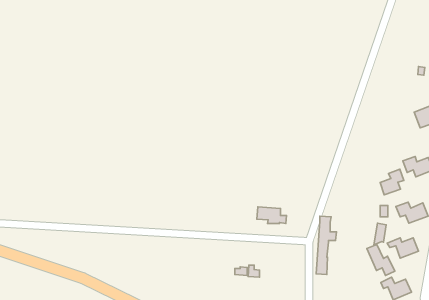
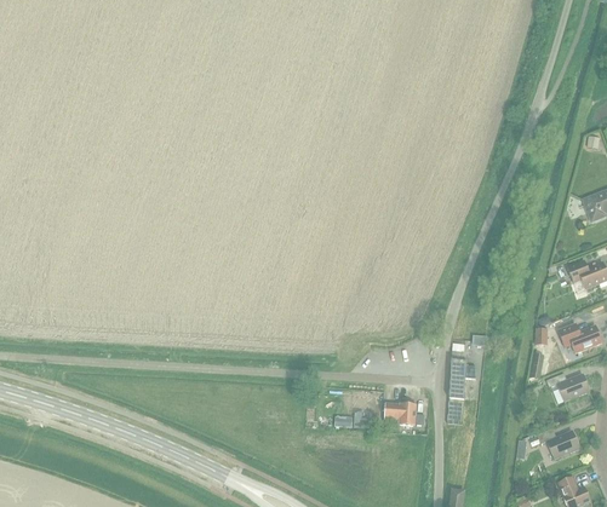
building: [380,169,404,195] -> none
building: [257,207,287,223] -> [383,401,424,424]
building: [367,245,395,275] -> none

